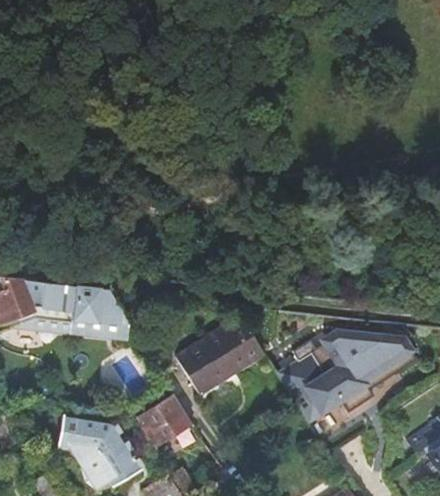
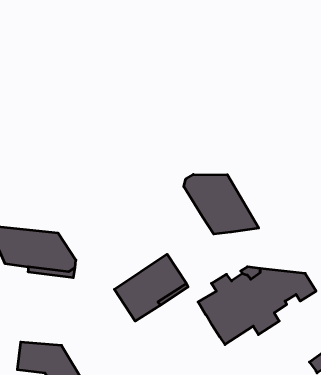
building: none -> [184,174,259,234]
building: [140,396,193,447] -> none

